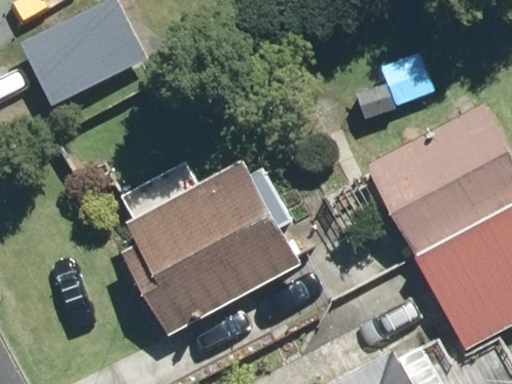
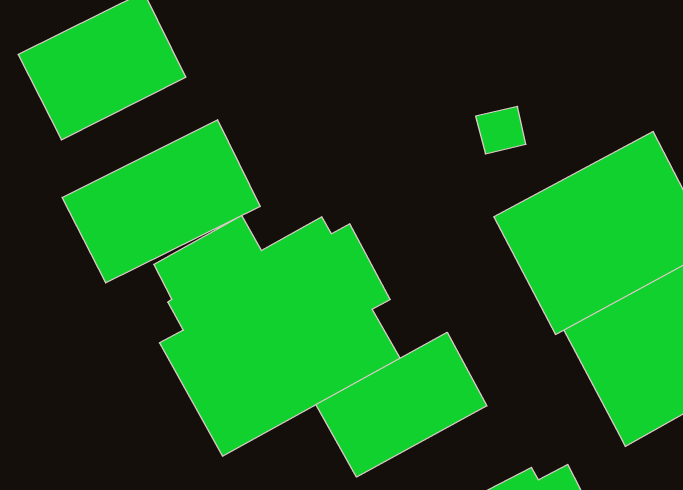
building: none -> [62,120,260,283]
building: none -> [316,332,487,477]

